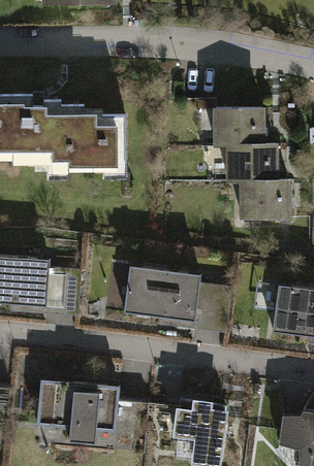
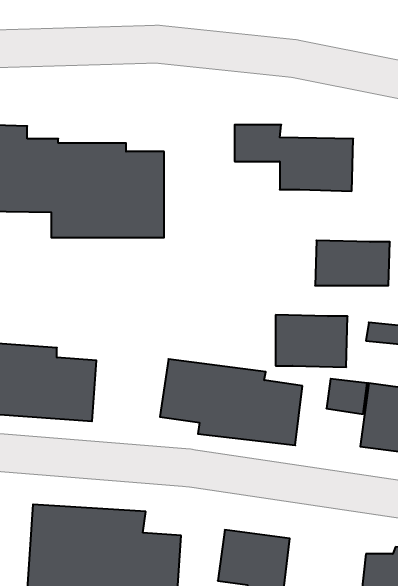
building: [228,144,281,182] -> [276,315,348,367]

